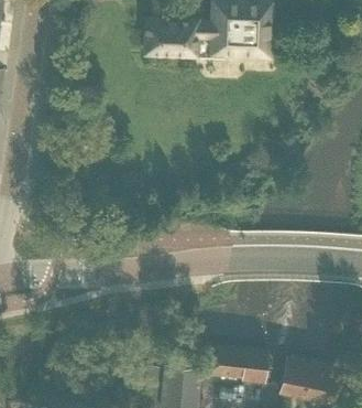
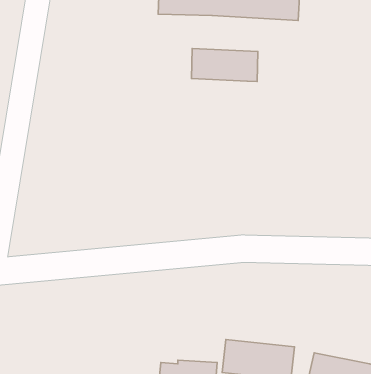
building: none -> [192,49,258,81]

